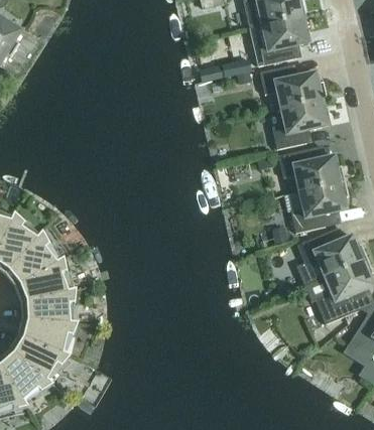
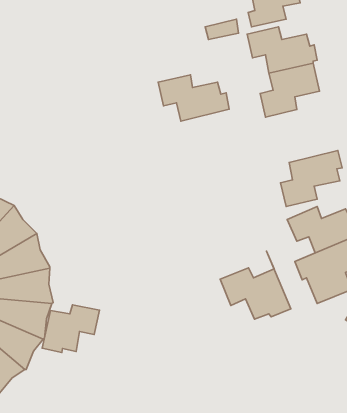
building: [277,148,344,191] -> [158,75,229,121]
building: none -> [220,251,291,319]
building: none -> [42,305,99,353]

